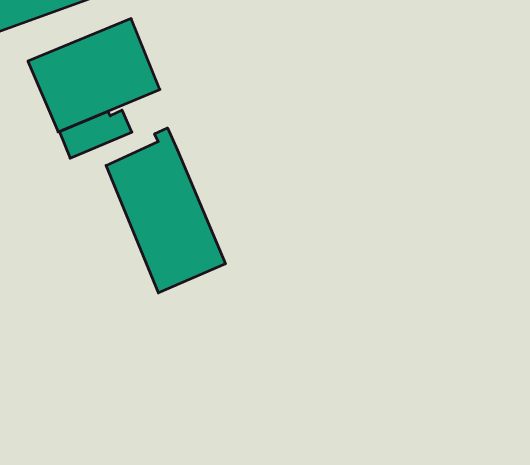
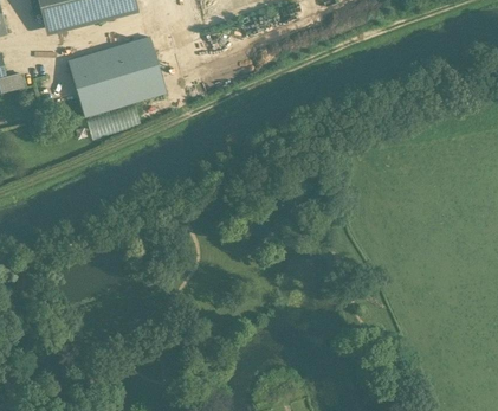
building: [106,128,225,293] -> none

